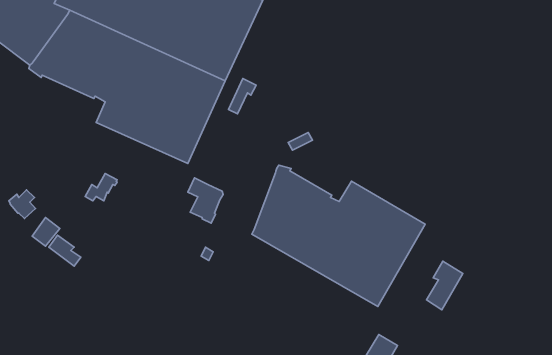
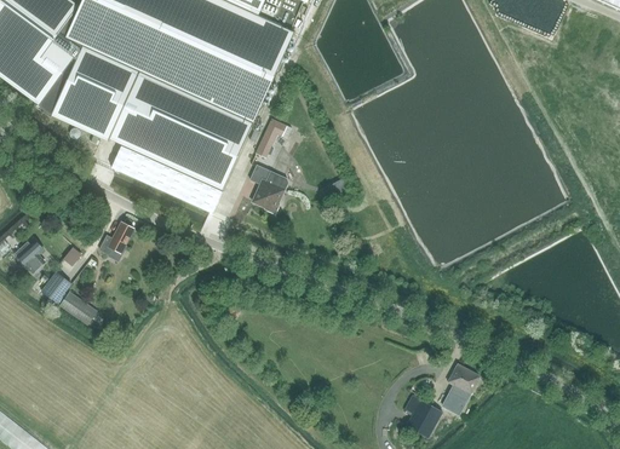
building: [252,165,425,307] -> none
building: [188,178,223,223] -> [249,163,288,213]
building: [426,261,463,310] -> [442,363,482,416]

